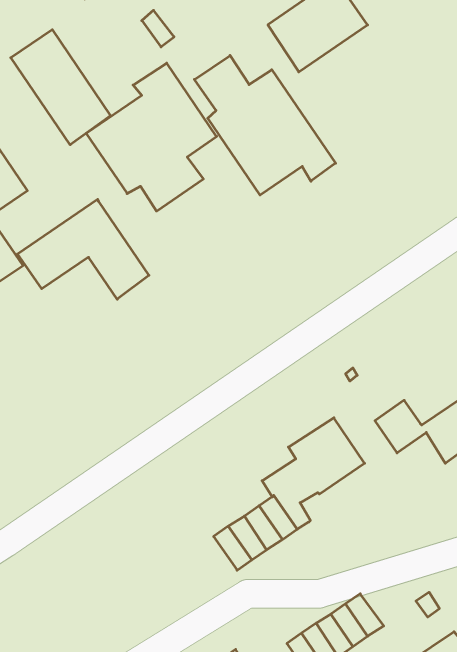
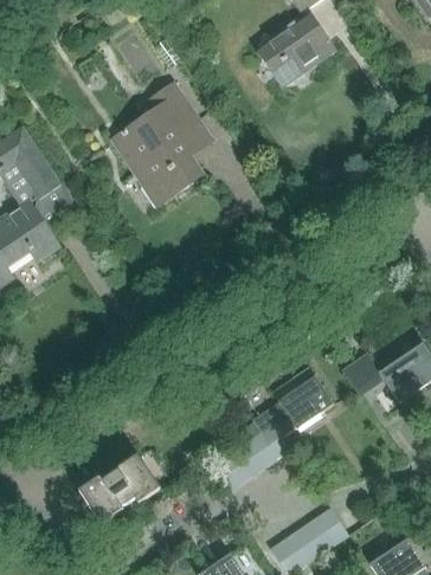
building: [11,30,110,145] -> none
building: [194,55,336,195] -> none
building: [17,199,149,299] -> none
building: none -> [79,456,161,525]

